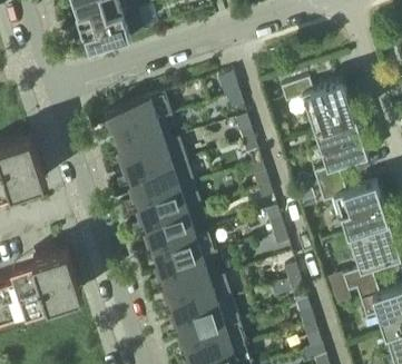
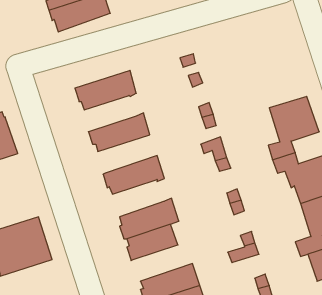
building: [281,81,354,135] -> none
building: [116,121,171,160] -> none
building: [128,164,194,205] -> none
building: [143,211,202,252] -> none
building: [168,279,232,322] -> none

